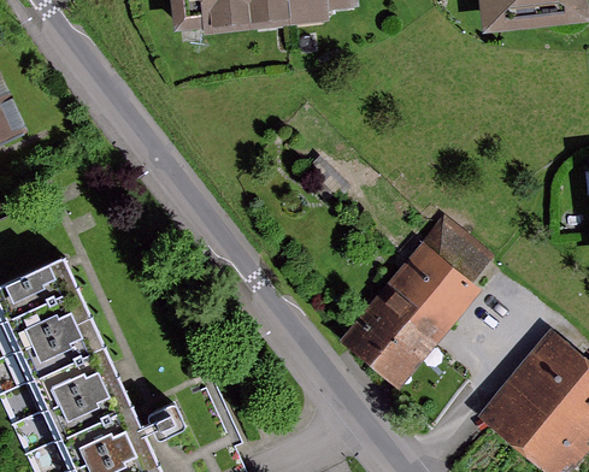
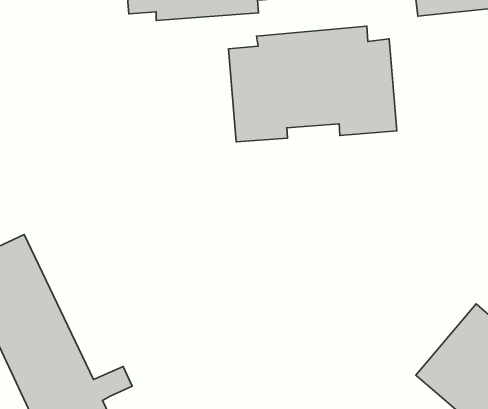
building: none -> [228,26,397,142]
building: [341,223,484,388] -> none

